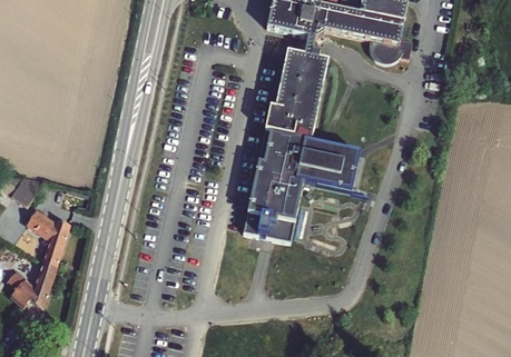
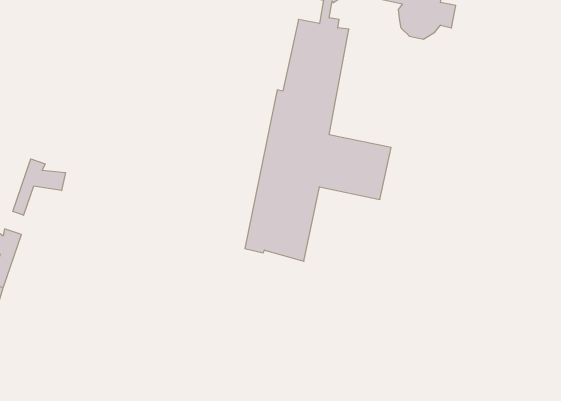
building: none -> [13,159,66,215]

